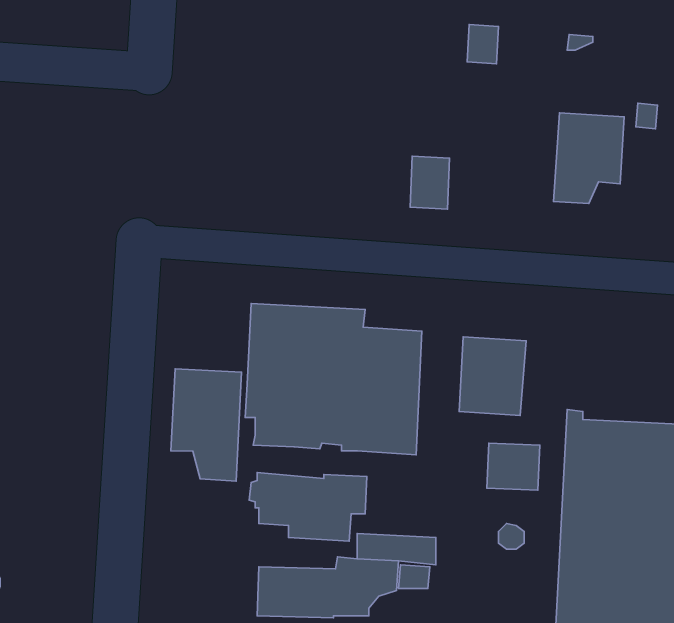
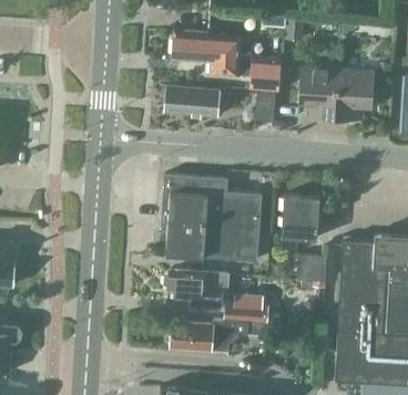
building: none -> [173,31,280,91]
building: none -> [298,66,338,118]
building: none -> [165,86,220,117]
building: [171,369,241,481] -> none

